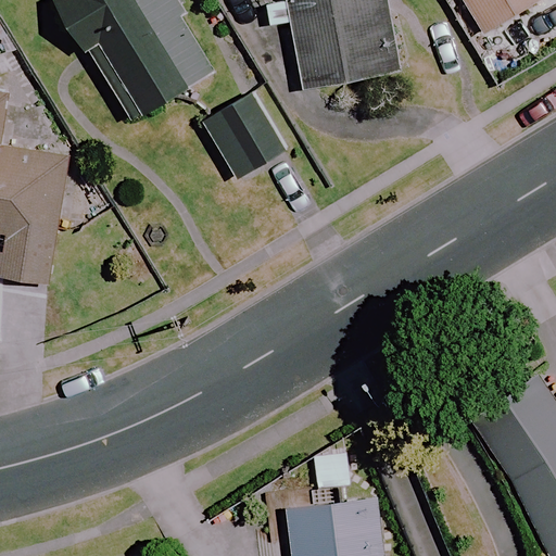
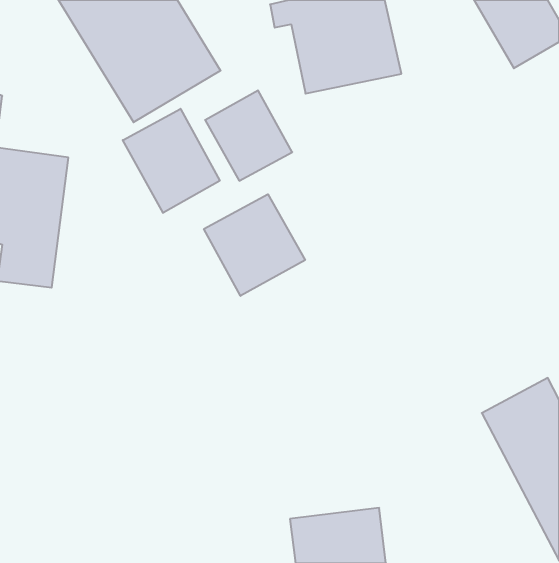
building: none -> [123,109,220,213]
building: none -> [204,194,305,296]

